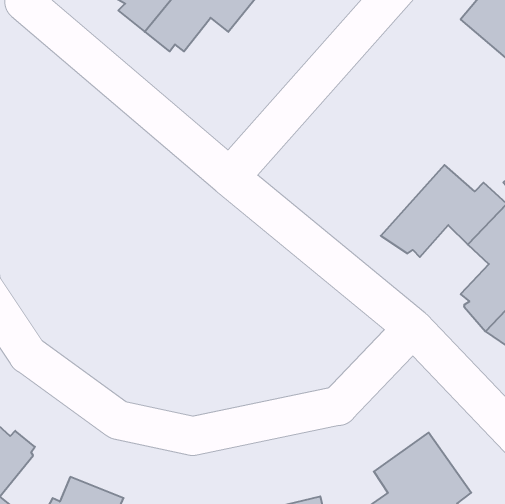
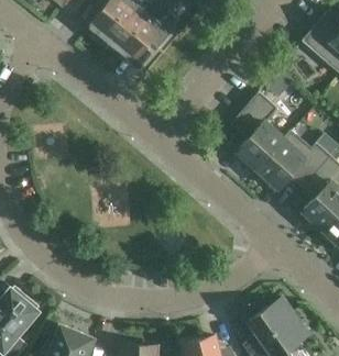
building: none -> [236,92,292,176]

